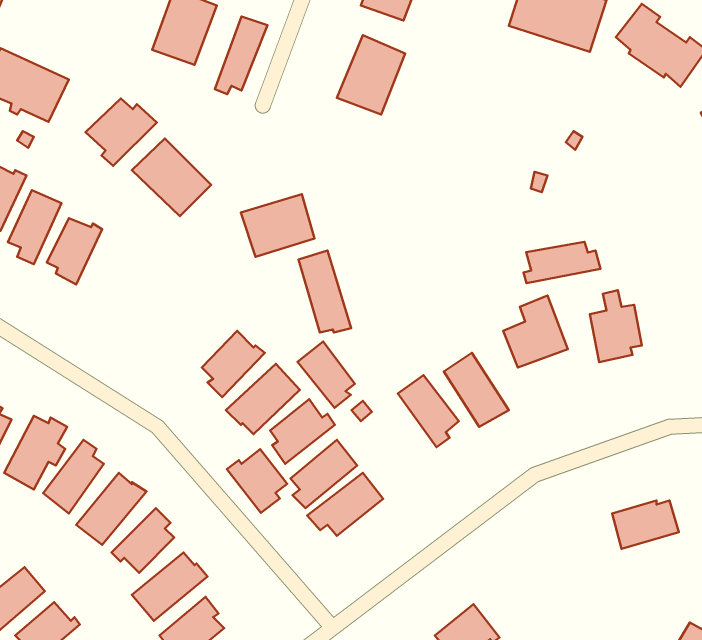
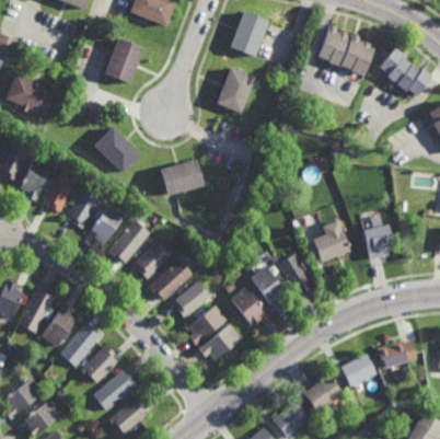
building: [215,16,267,94] -> none
building: [86,99,157,166] -> none
building: [523,242,600,283] -> none
building: none -> [67,189,101,229]
building: [299,251,351,333] -> none
building: none -> [90,205,125,244]
building: none -> [107,220,149,263]
building: [297,341,355,408] -> [230,286,264,325]
building: [227,449,287,513] -> none
building: none -> [341,354,378,386]
building: none -> [304,377,344,414]

